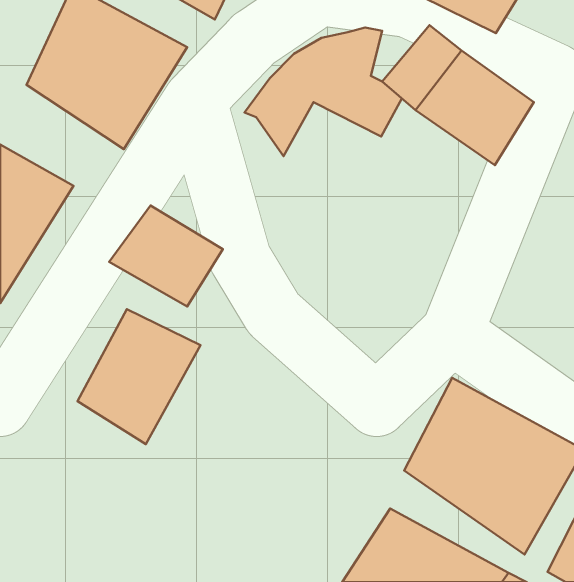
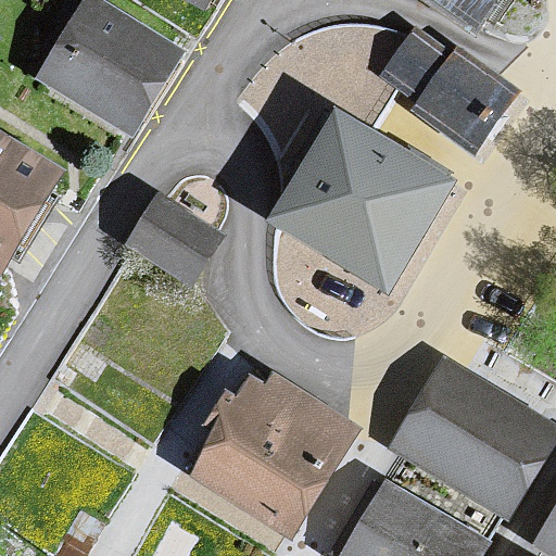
building: none -> [242,97,453,293]
building: [77,309,201,444] -> none
building: none -> [187,359,362,542]

